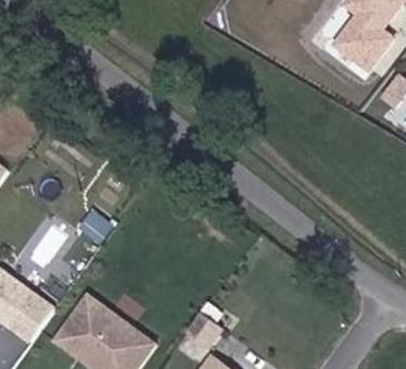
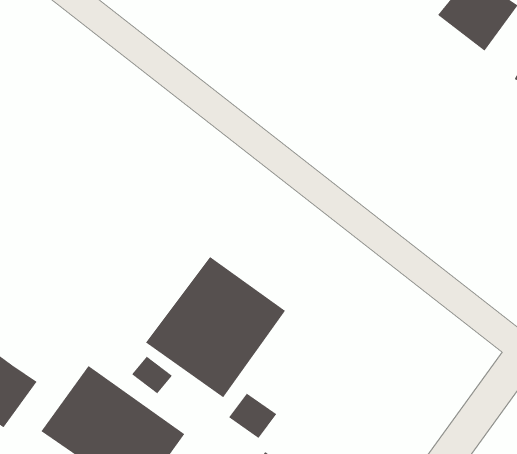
building: none -> [145,256,286,398]

